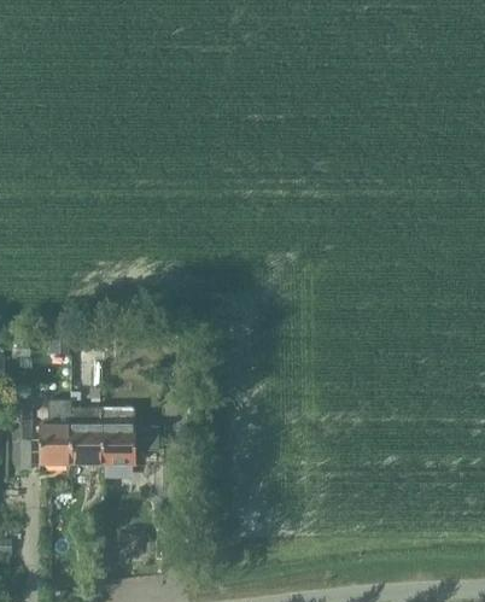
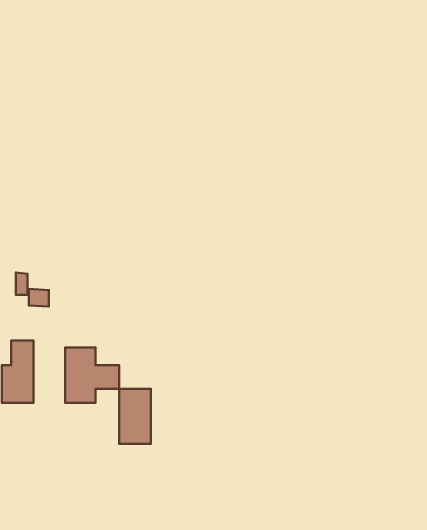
building: [70,408,103,464] -> [119,389,151,444]

